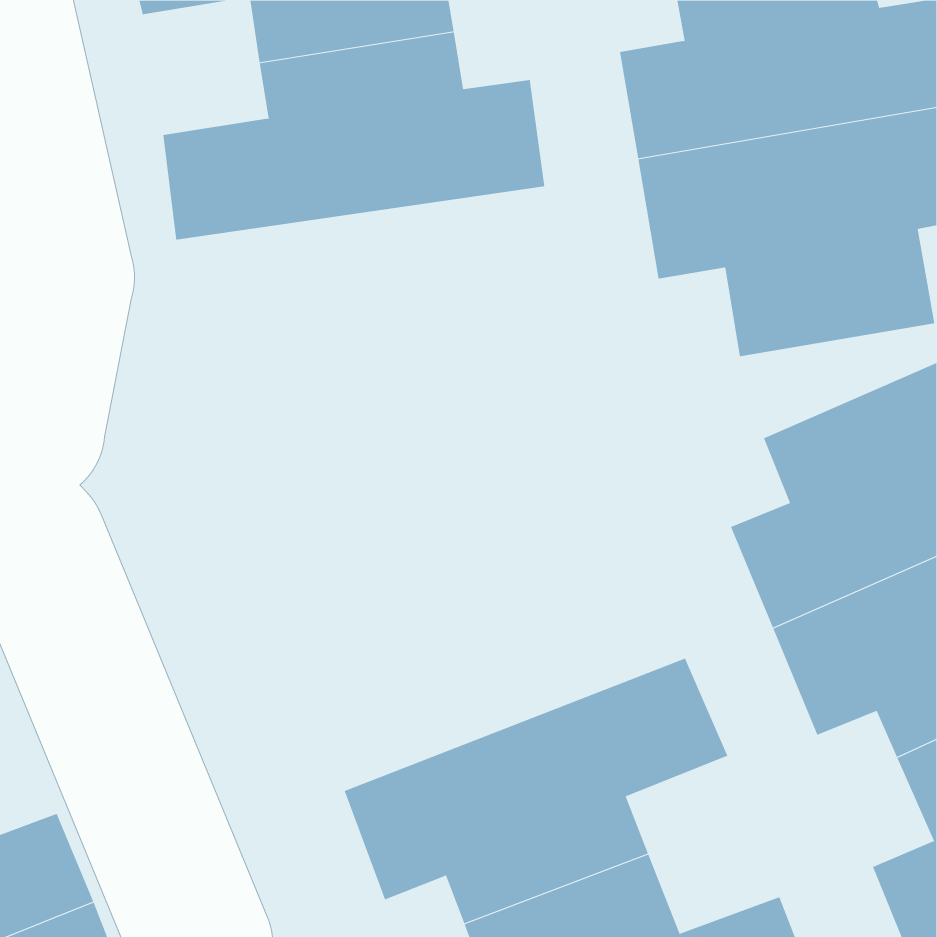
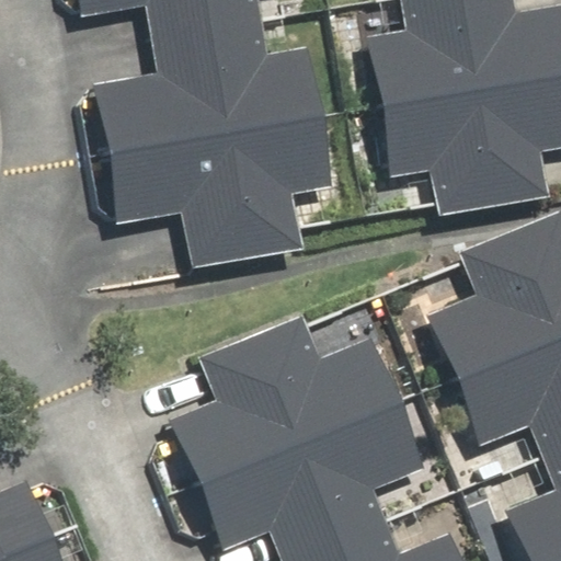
building: none -> [104,115,334,263]
building: none -> [180,318,407,473]

